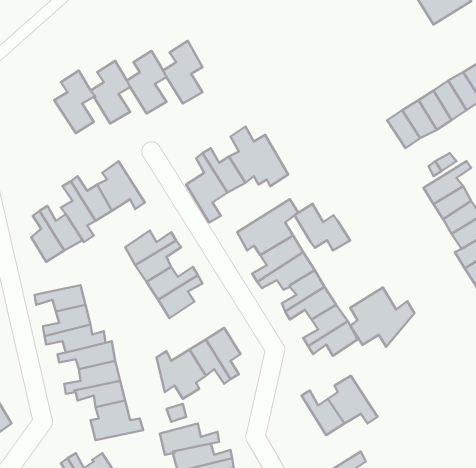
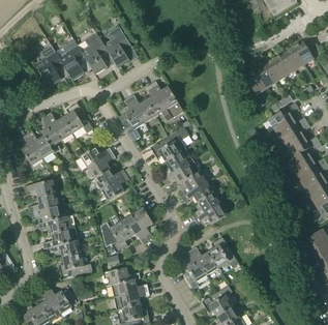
building: [294,204,350,251] -> none
building: [350,288,414,347] -> none
building: none -> [183,249,207,289]

